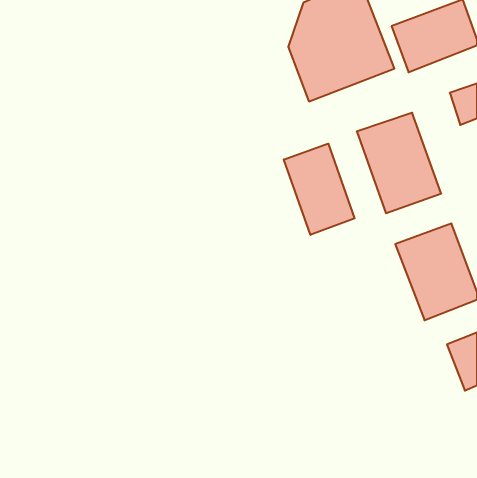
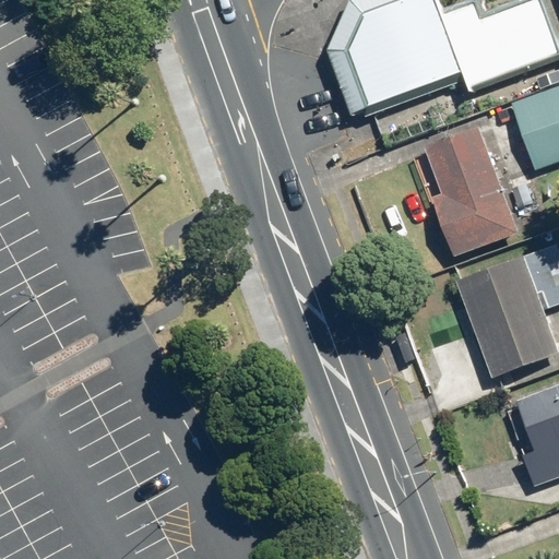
building: [284,144,355,235] -> none

